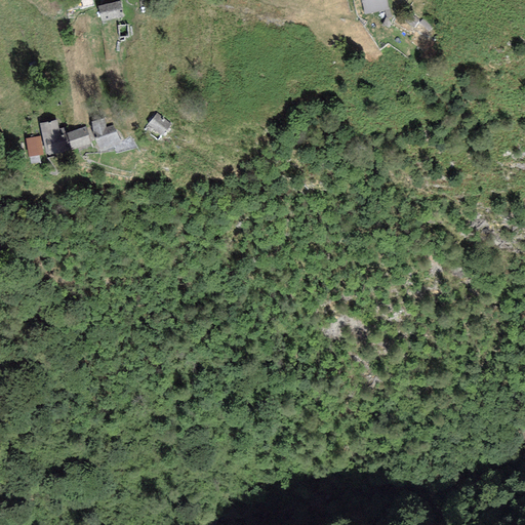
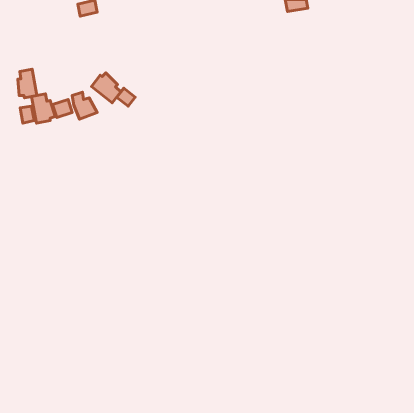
building: none -> [18,69,37,98]
building: none -> [91,73,121,103]

